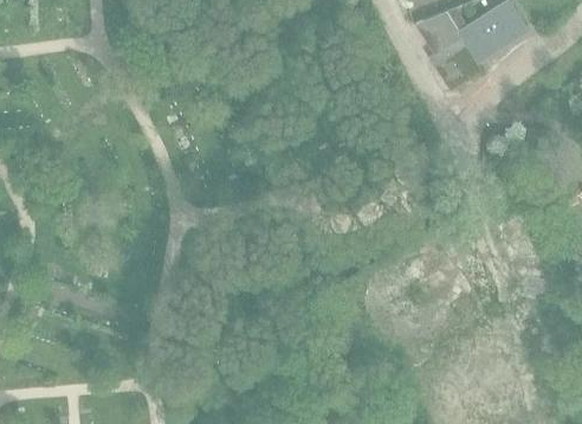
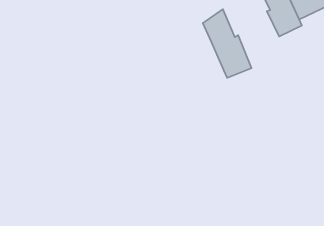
building: none -> [203,9,252,78]

